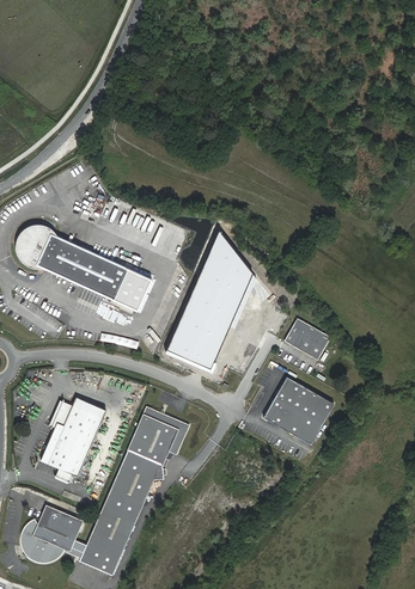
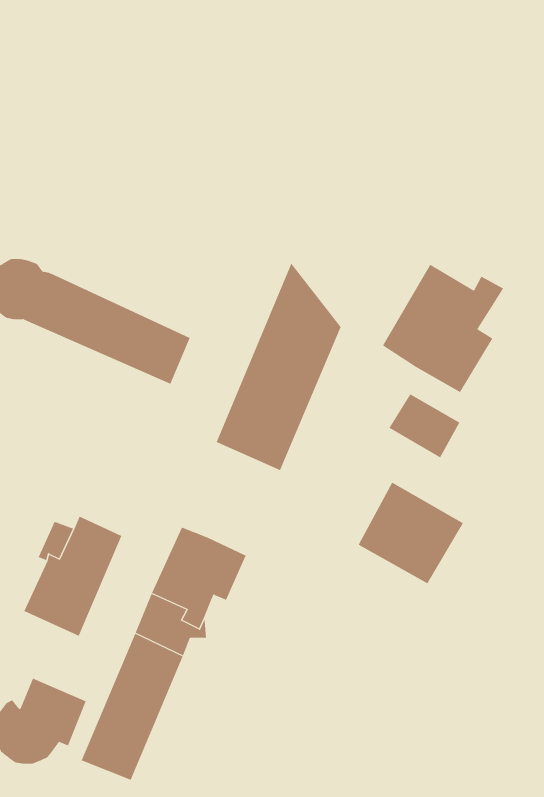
building: none -> [382,264,504,393]

